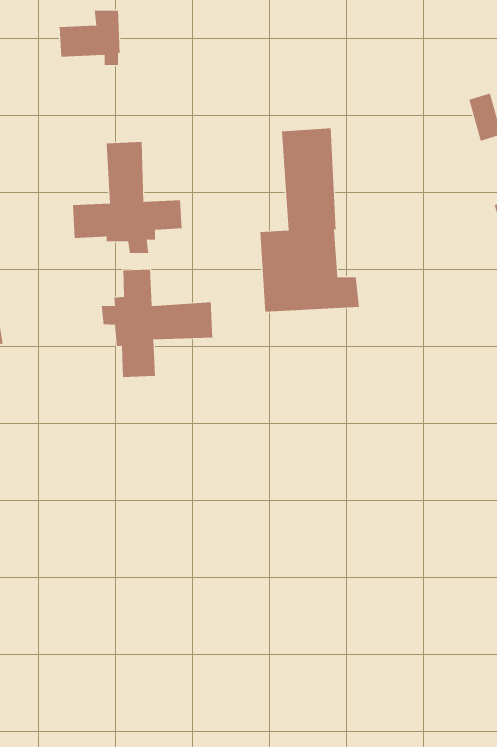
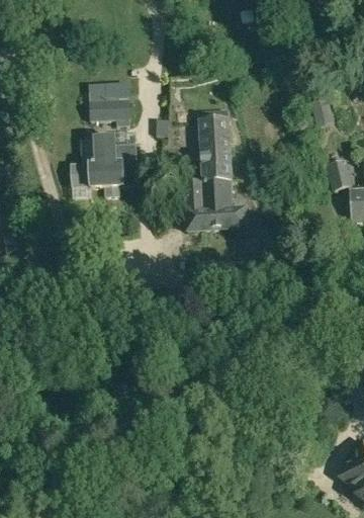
building: [59,10,121,65] -> [90,89,127,122]
building: [101,269,213,378] -> none

